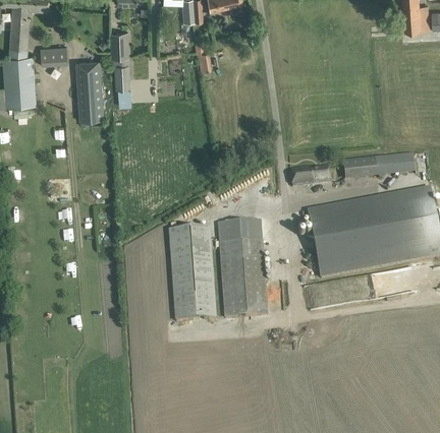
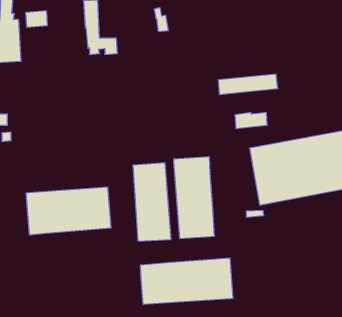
building: [75,60,104,121] -> none
building: [343,153,415,178] -> [218,74,278,94]
building: none -> [26,187,111,235]
building: none -> [140,258,233,305]

